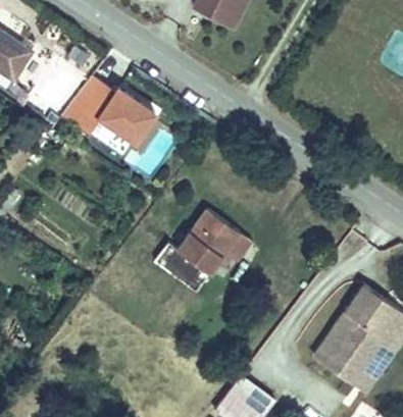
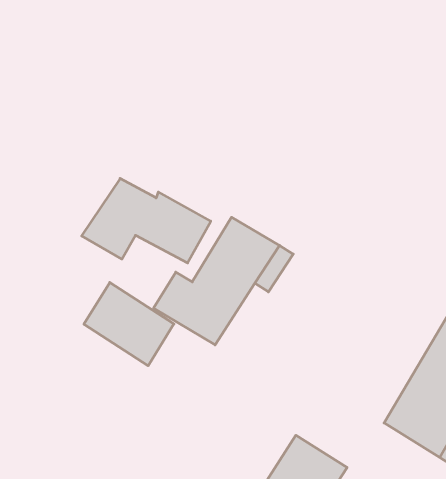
building: [59,75,153,141] -> [82,178,211,263]
building: none -> [84,282,174,366]

